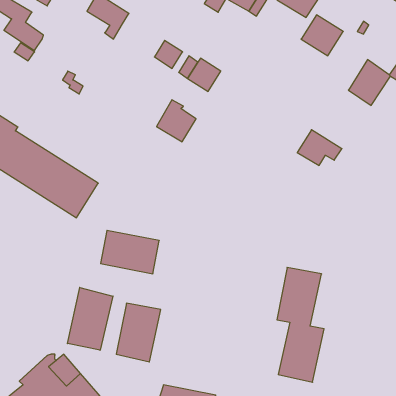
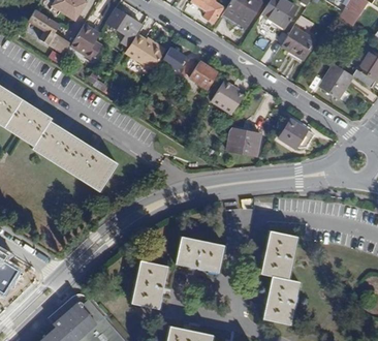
building: none -> [71,22,101,59]
building: none -> [125,33,163,69]
building: [157,100,196,142] -> [213,78,245,112]
building: none -> [227,128,259,155]
building: [101,230,159,274] -> [175,236,222,271]
building: [67,287,113,350] -> none

